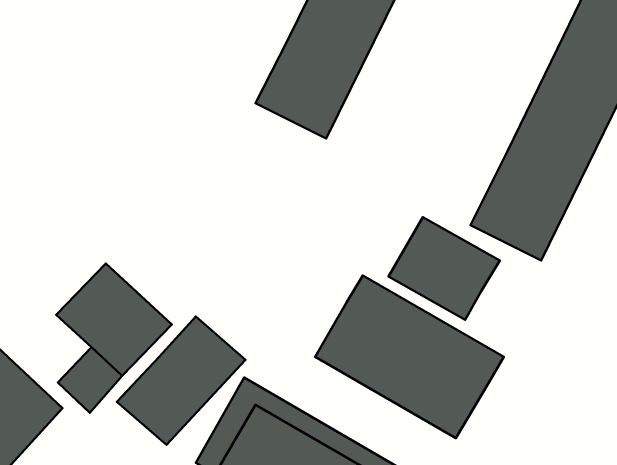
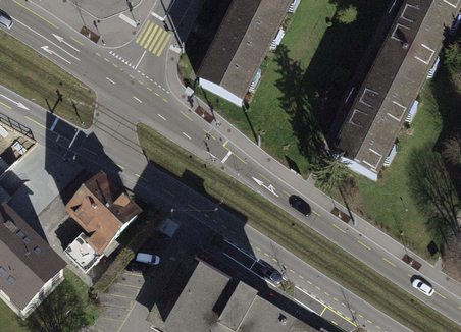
building: [388,217,500,320] -> none
building: [315,275,504,438] -> none
building: [117,317,245,445] -> none

